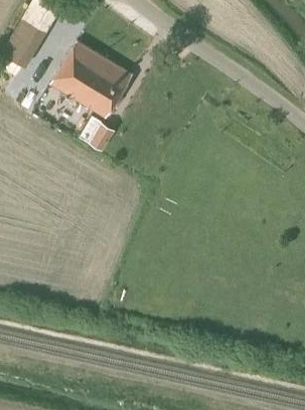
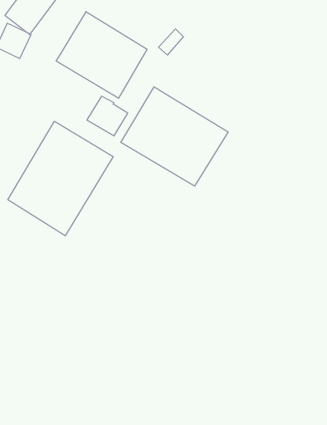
building: none -> [121,87,228,186]
building: none -> [8,121,113,236]

